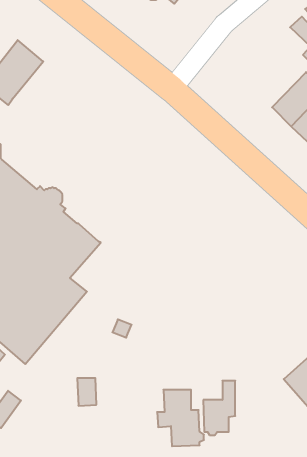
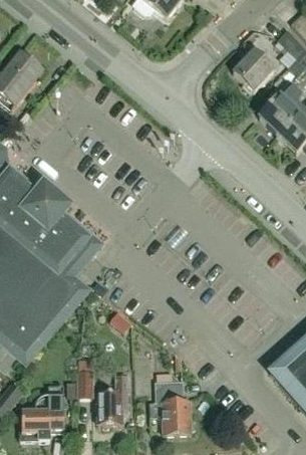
building: none -> [233,48,274,89]
building: [203,381,235,435] -> [97,374,127,425]
building: none -> [19,384,64,438]

